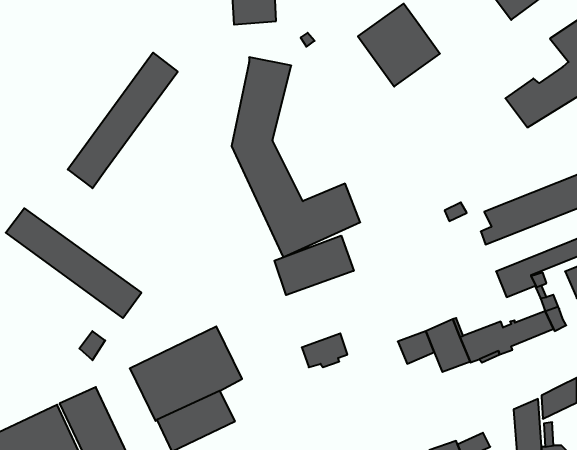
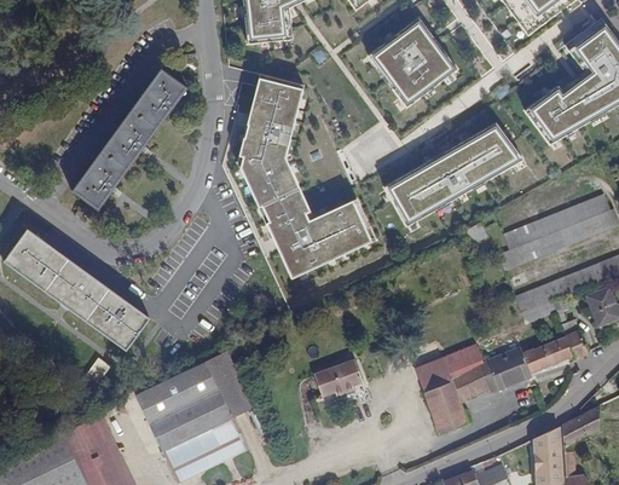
building: none -> [387,125,520,226]
building: [274,236,354,295] -> none
building: none -> [422,379,468,433]

